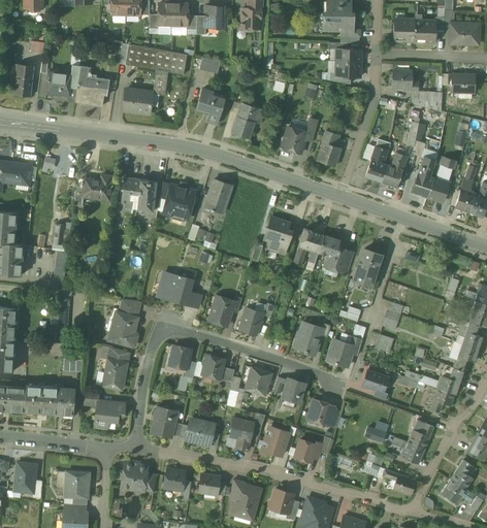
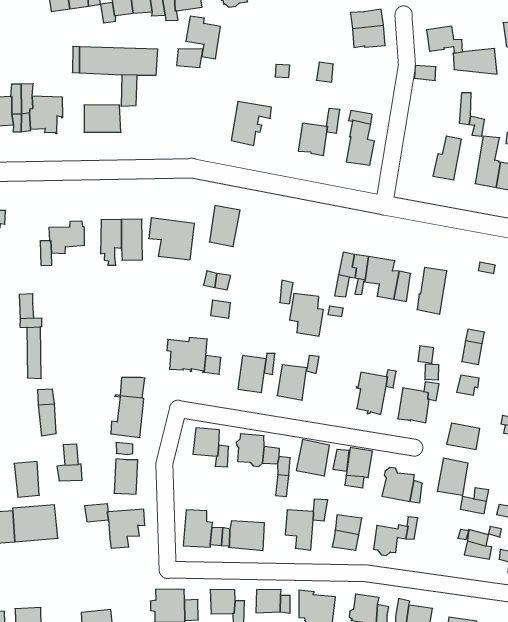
building: [196,89,224,124] -> [186,16,220,59]
building: [365,145,387,182] -> none
building: [264,219,291,254] -> [289,293,323,336]
building: [57,388,75,415] -> [14,462,39,497]
building: none -> [437,458,468,495]

